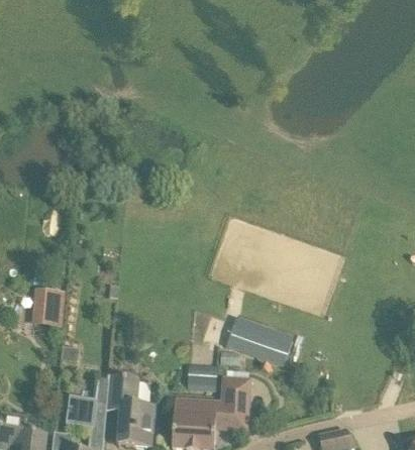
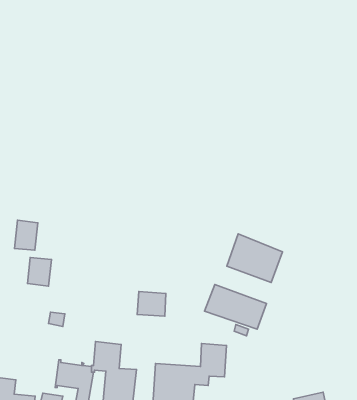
building: none -> [14,220,38,250]
building: none -> [227,234,282,282]
building: [187,365,217,391] -> [137,291,166,316]

